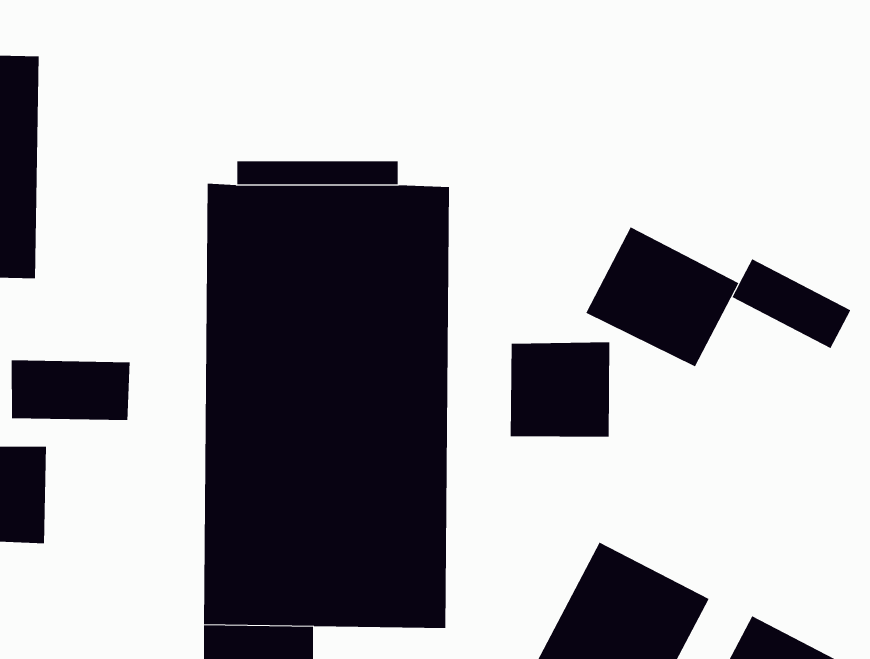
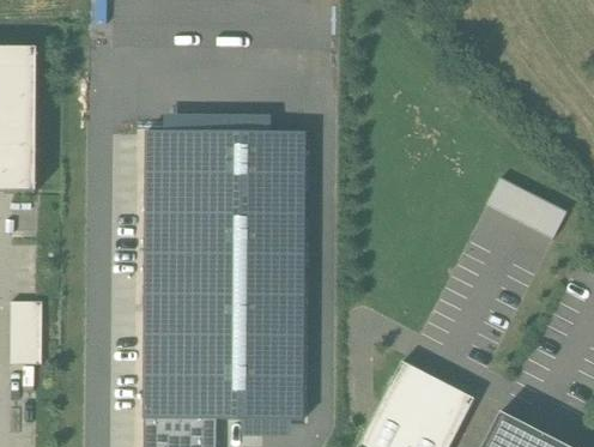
building: [585,226,739,367] -> none
building: [510,342,610,438] -> none
building: [11,360,130,421] -> none

